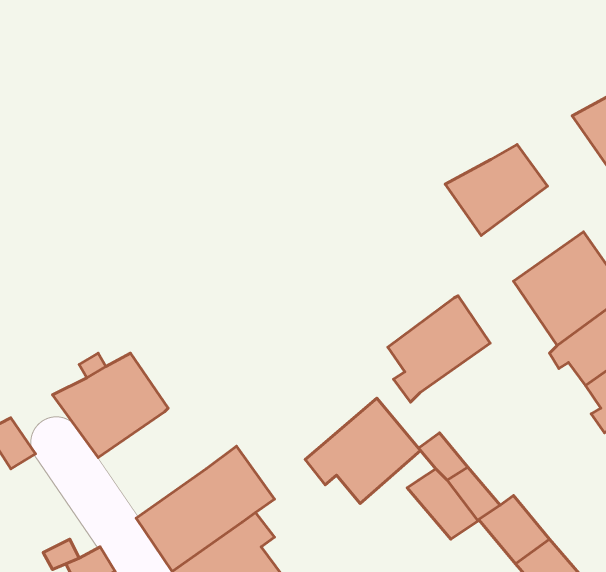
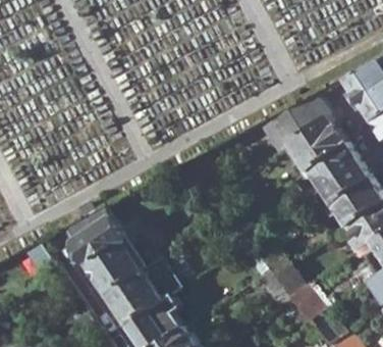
building: [388,296,490,402] -> [290,118,345,176]
building: [305,398,421,504] -> none
building: none -> [85,241,143,298]

